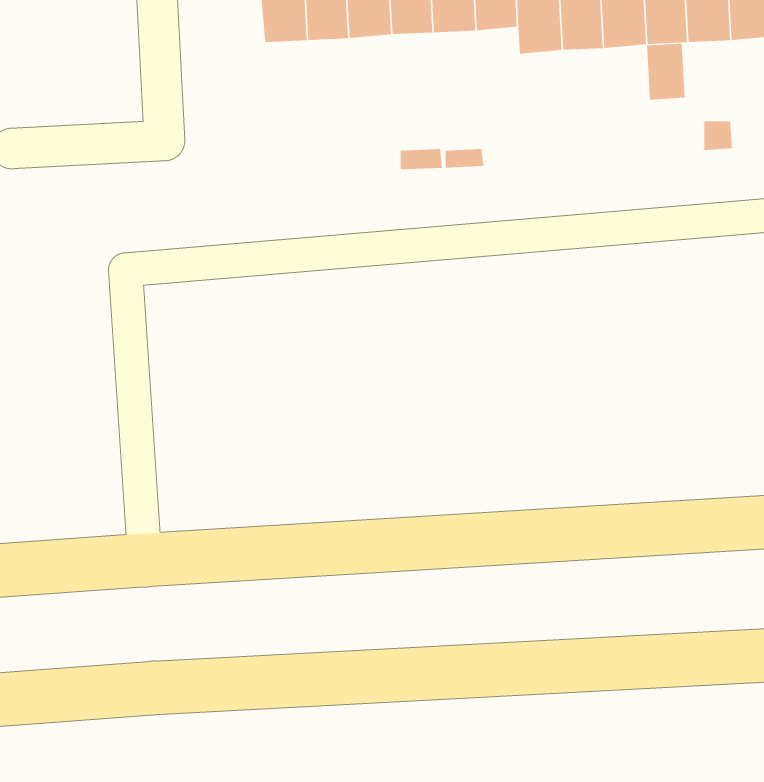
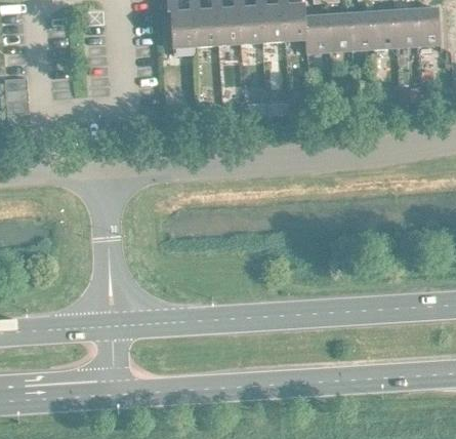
building: [646,43,685,100] -> none

